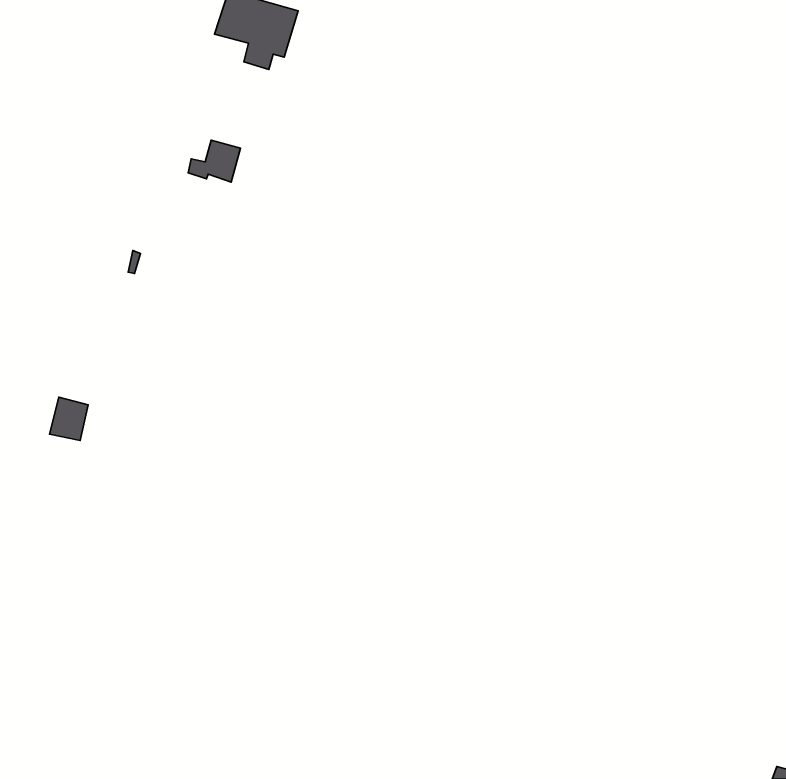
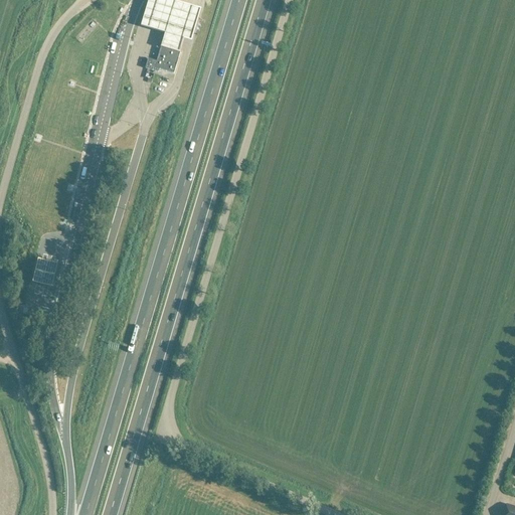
building: [188,140,241,182] -> [148,41,182,68]

